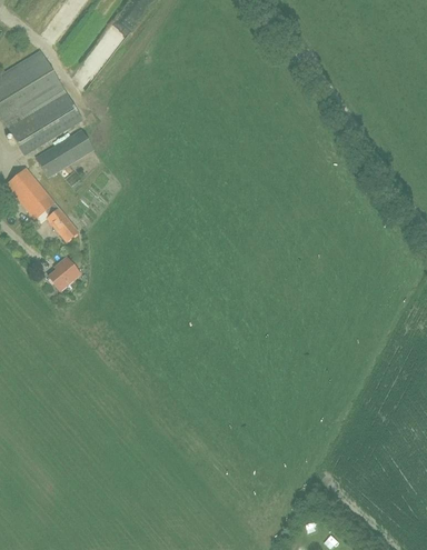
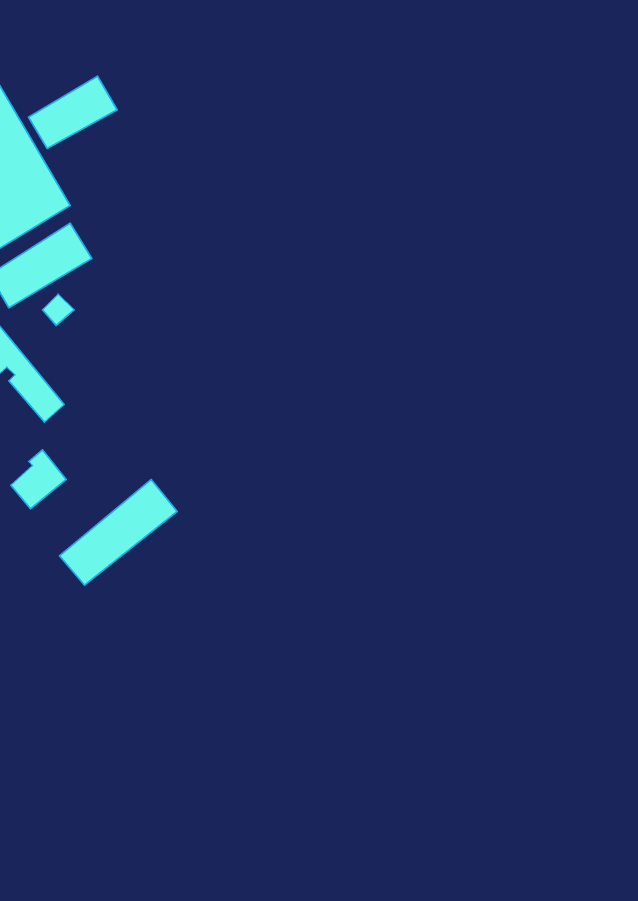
building: none -> [28,76,117,148]
building: none -> [60,479,177,585]

